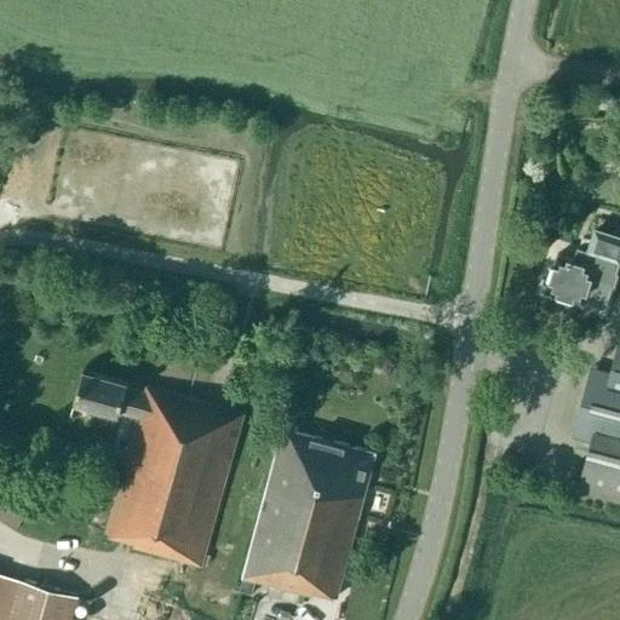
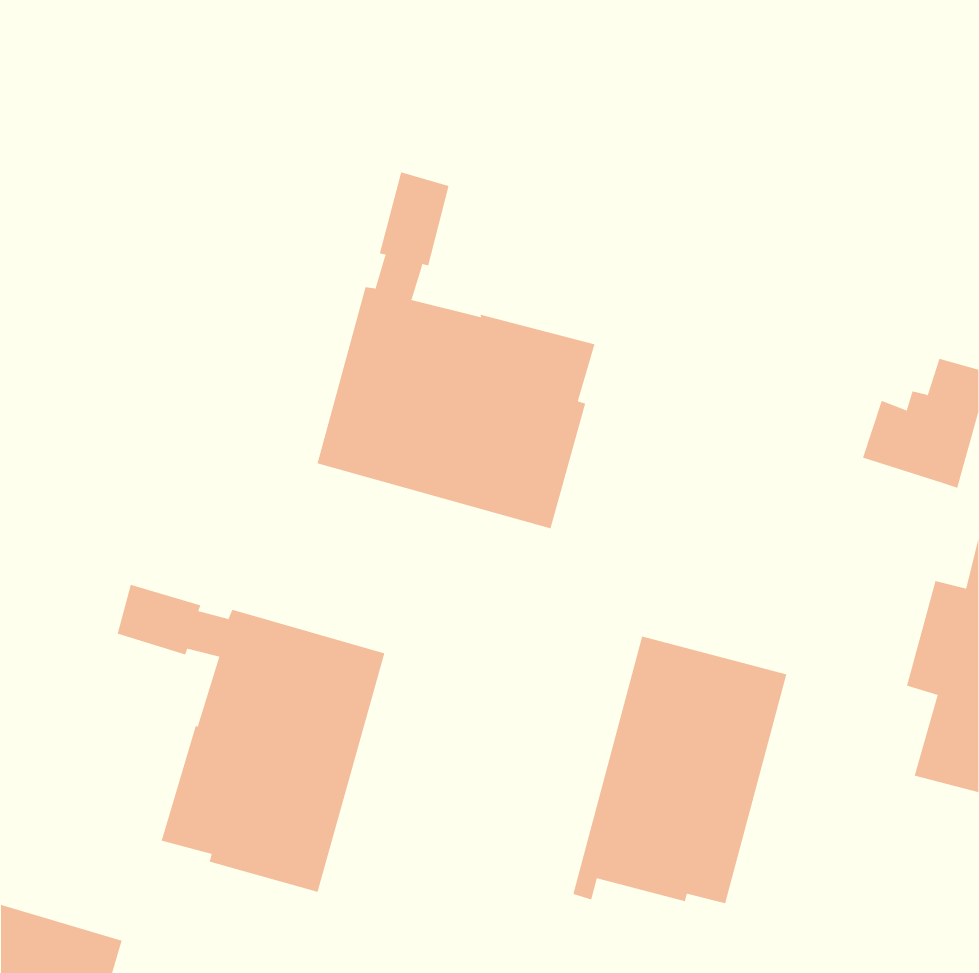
building: none -> [317,171,595,529]
building: [240,430,375,599] -> [573,636,787,904]

